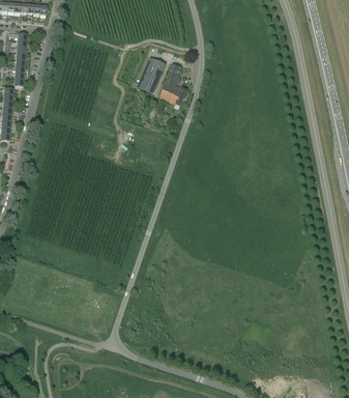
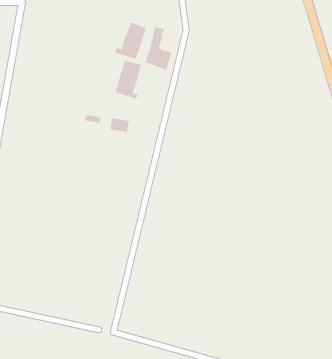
building: none -> [115,60,141,100]

